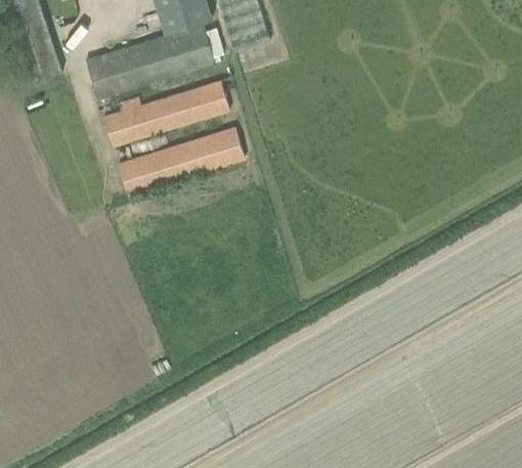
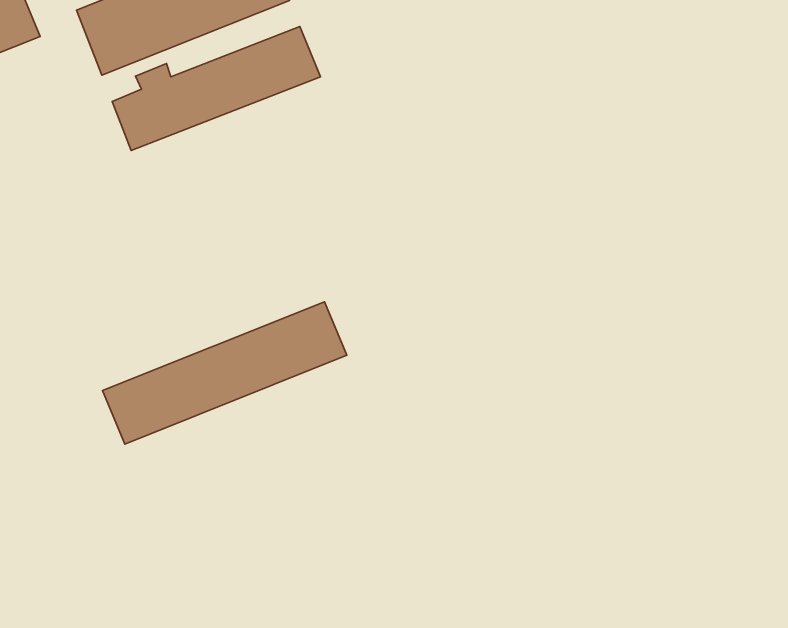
building: [119,125,246,196] -> none
building: none -> [102,302,347,444]

